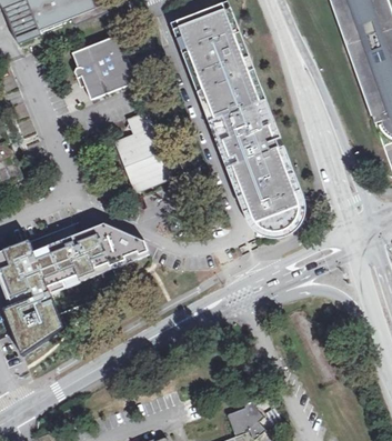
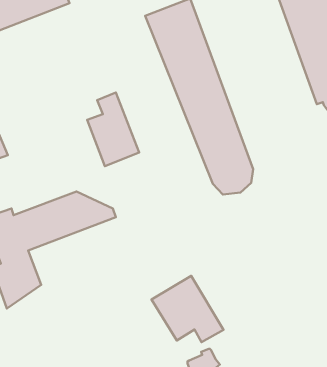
building: [69,34,135,100] -> none
building: none -> [152,276,223,342]

